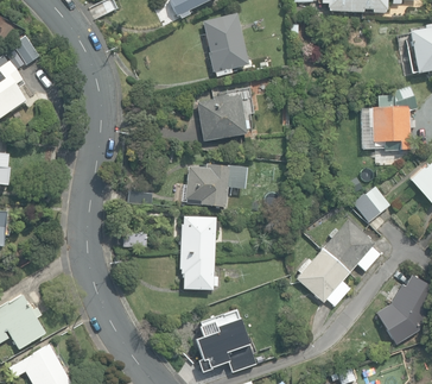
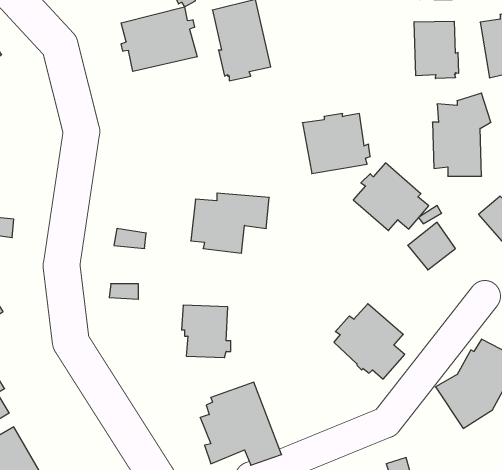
building: none -> [121,7,197,71]
building: none -> [414,21,458,79]
building: [196,94,248,140] -> [302,114,370,174]
building: [179,214,217,250] -> none
building: [322,219,380,271] -> [353,163,429,231]

